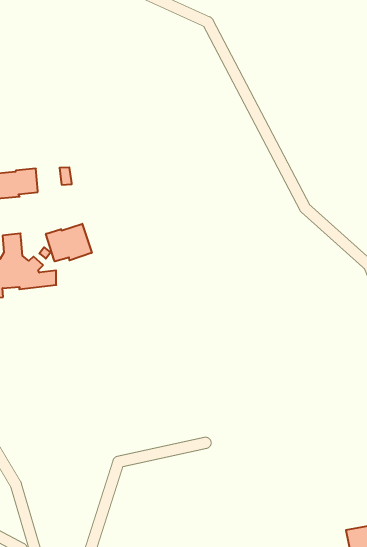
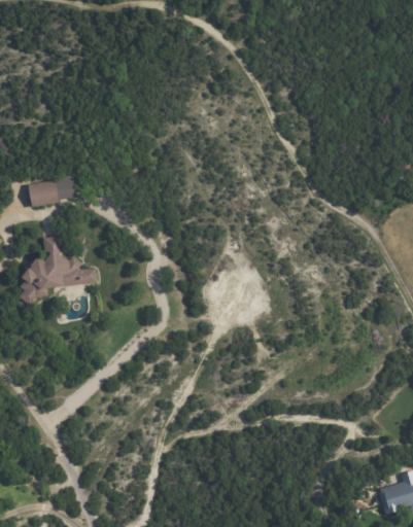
building: [46,224,92,261] -> none

